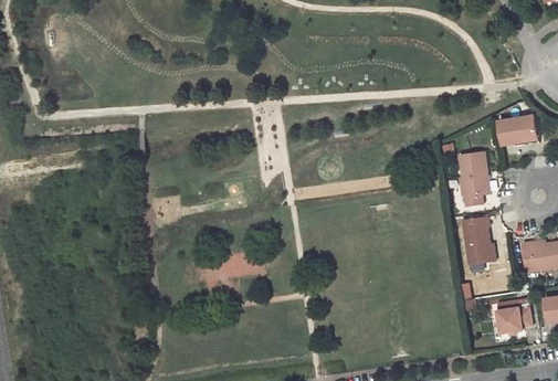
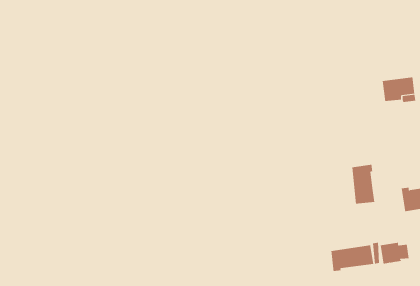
building: [461,151,489,204] -> none
building: none -> [331,244,374,272]

